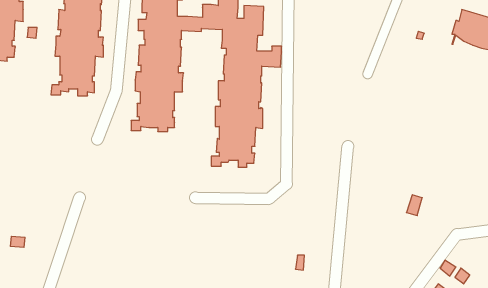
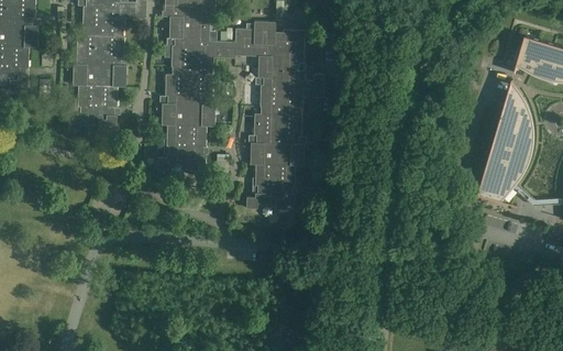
building: none -> [477,92,532,200]

